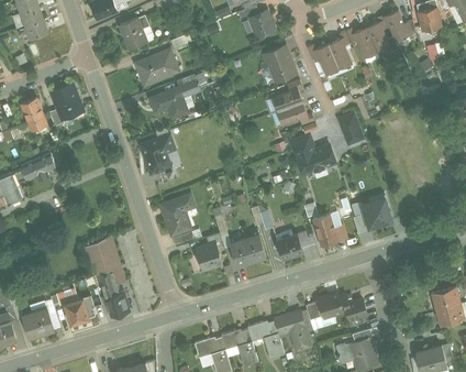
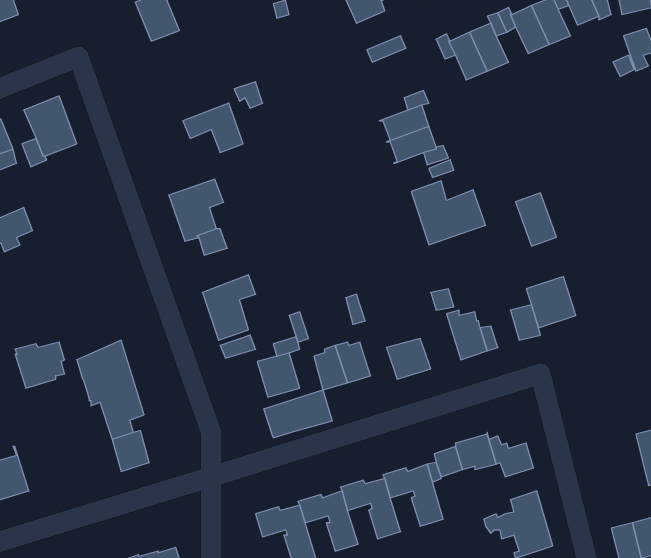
building: [135,48,178,85] -> none
building: [267,53,296,81] -> none
building: [337,111,363,144] -> [516,193,556,246]
building: none -> [264,390,332,438]
building: [64,295,95,324] -> [15,342,65,388]

